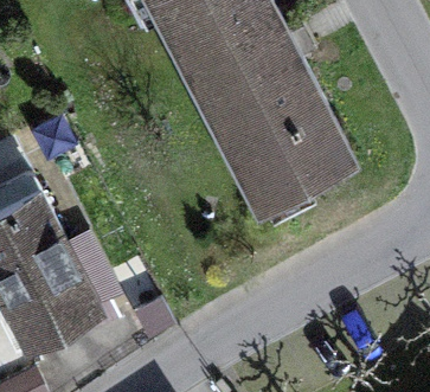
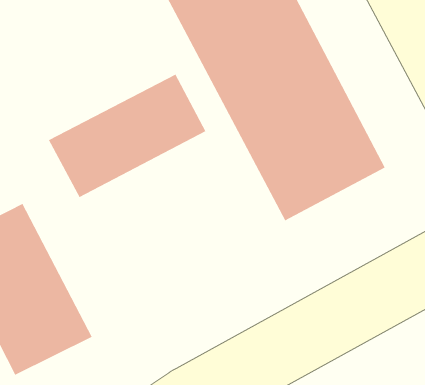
building: none -> [48,73,207,198]

